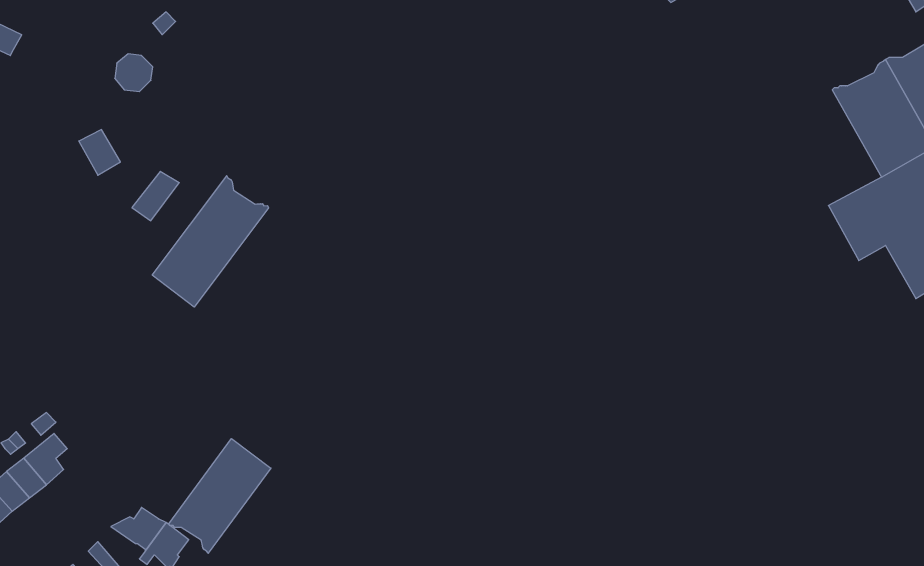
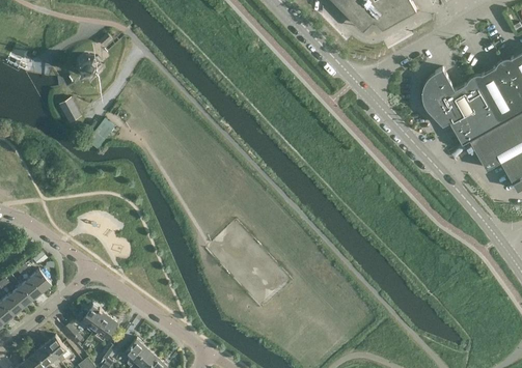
building: none -> [419,68,497,144]
building: [152,176,269,307] -> none
building: [169,439,271,553] -> none

